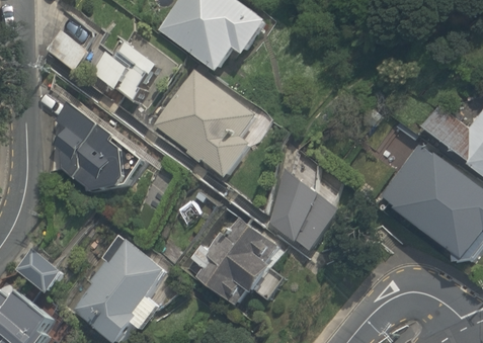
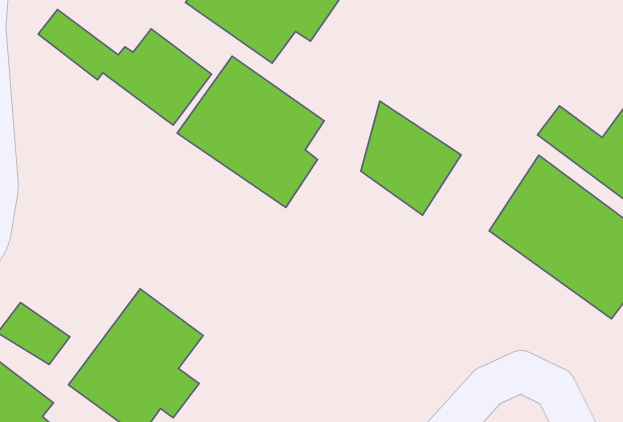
building: [55,102,136,192] -> none
building: [264,162,338,246] -> [361,101,461,215]
building: [194,219,285,305] -> none

